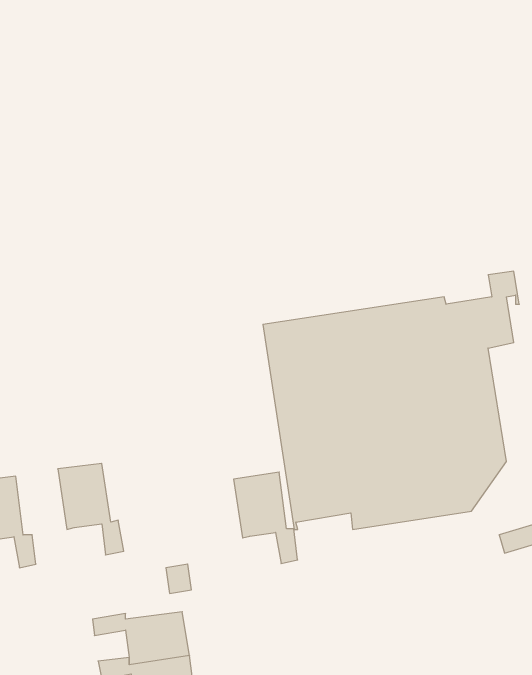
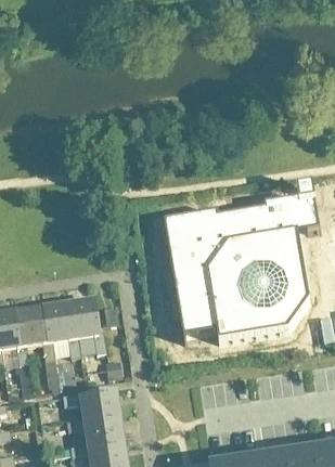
building: none -> [17,304,55,359]
building: [234,472,298,564] -> [68,297,106,351]

